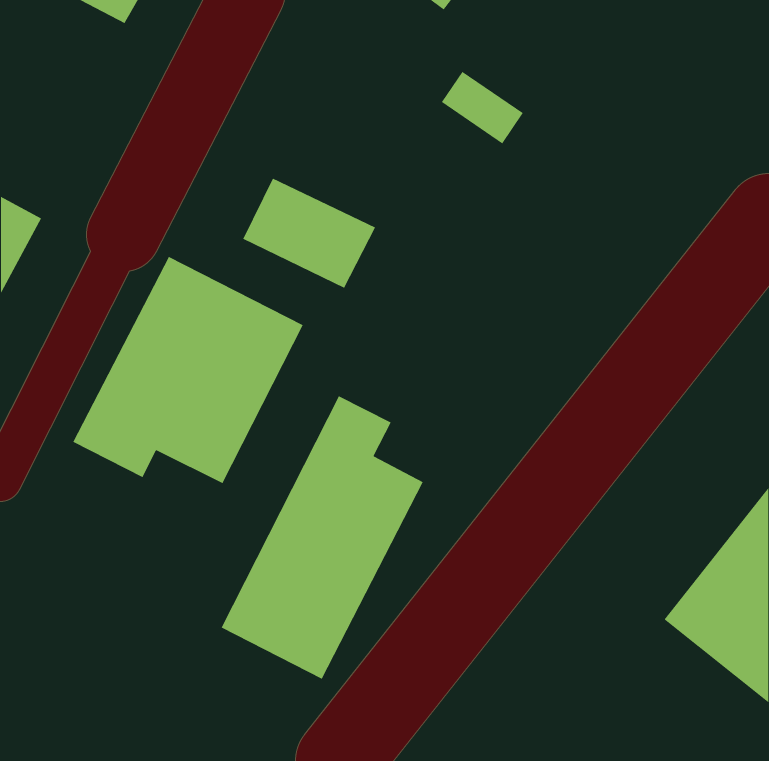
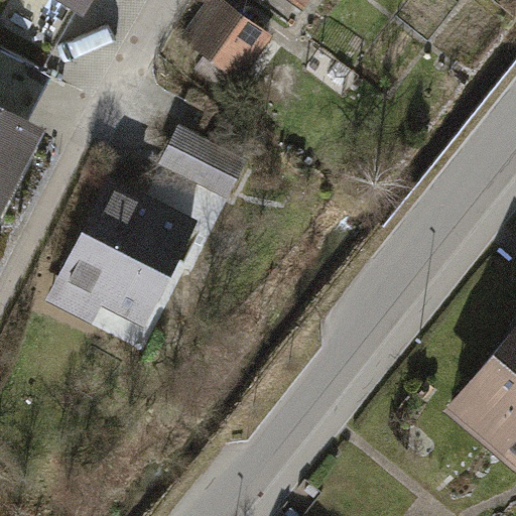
building: none -> [192,10,267,100]
building: [220,395,424,680] -> none

